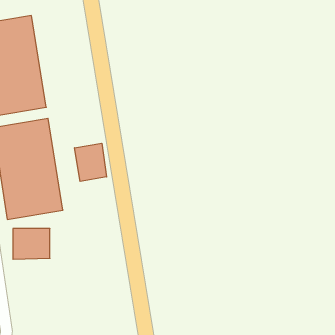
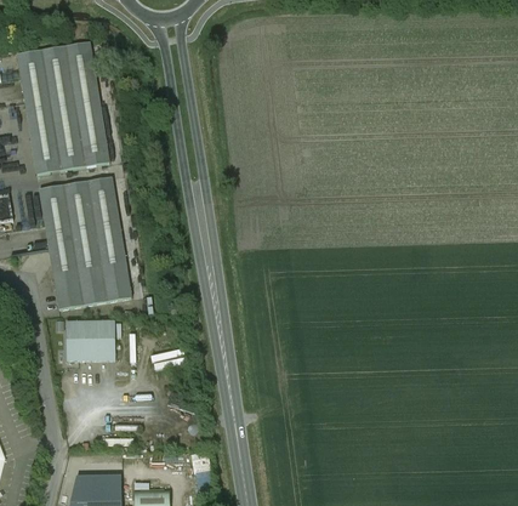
building: [75,143,107,181] -> none

